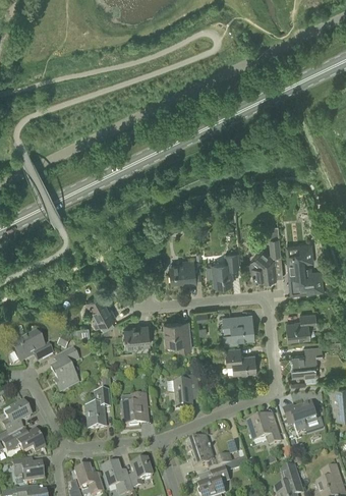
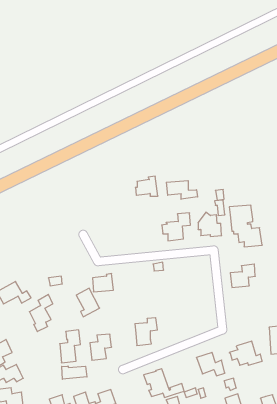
building: none -> [166,181,198,199]
building: [169,261,195,284] -> [135,176,158,196]
building: [86,294,114,328] -> [76,288,100,317]
building: [223,317,252,341] -> none
building: [164,322,190,351] -> none
building: [225,347,255,375] -> none
building: [290,347,323,377] -> none
building: none -> [62,366,87,379]

